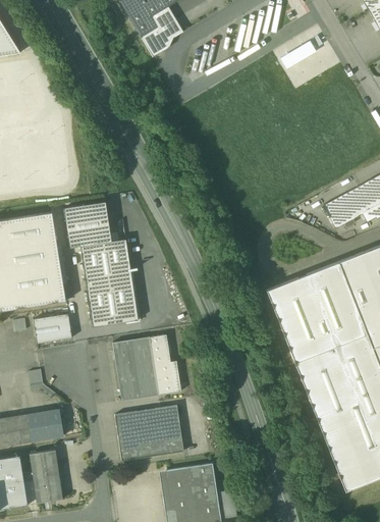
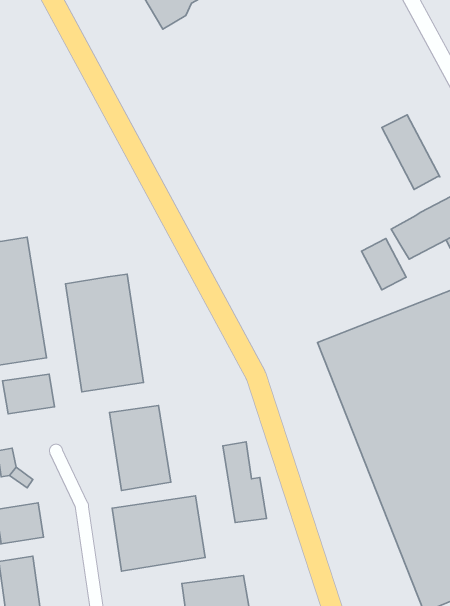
building: none -> [382,115,440,190]
building: [63,202,111,248] -> none
building: none -> [361,238,406,290]
building: [149,334,181,395] -> [223,442,267,523]

